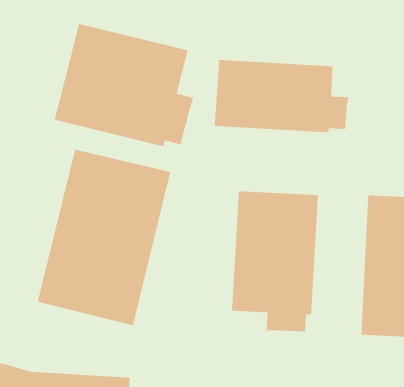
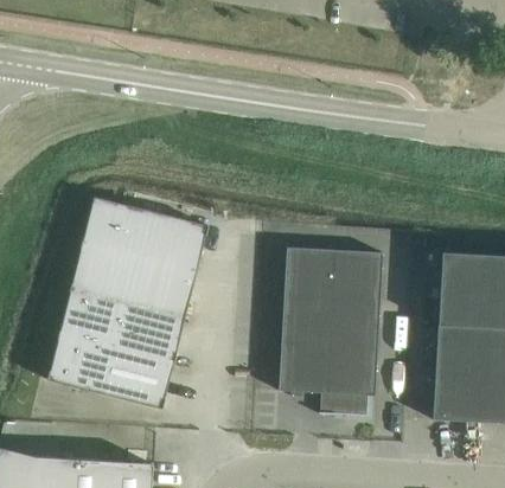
building: [54,23,194,147] -> none
building: [214,59,349,133] -> none

